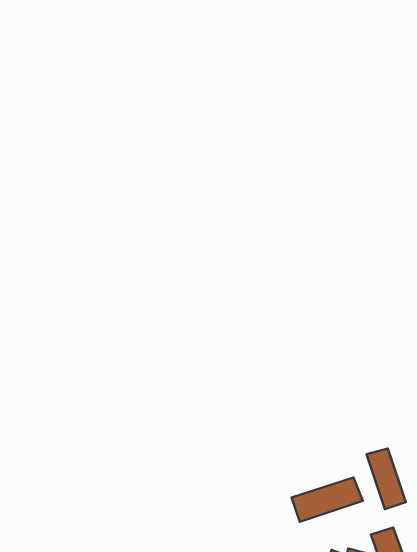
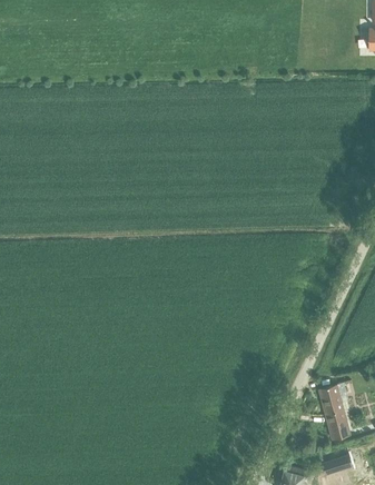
building: [292,478,363,522] -> none

